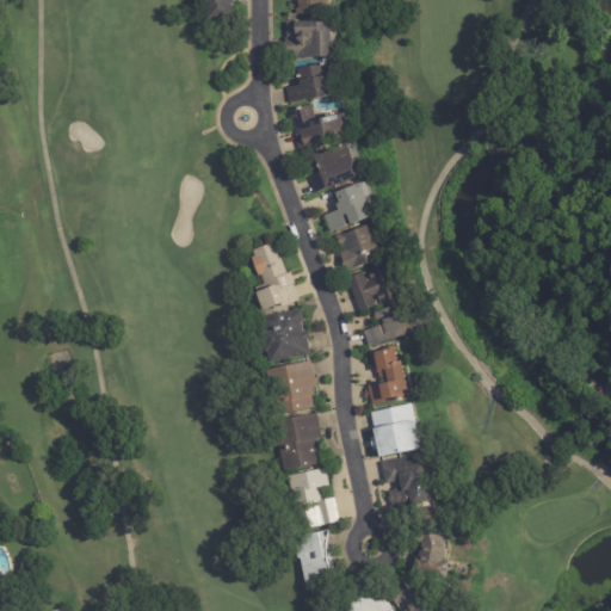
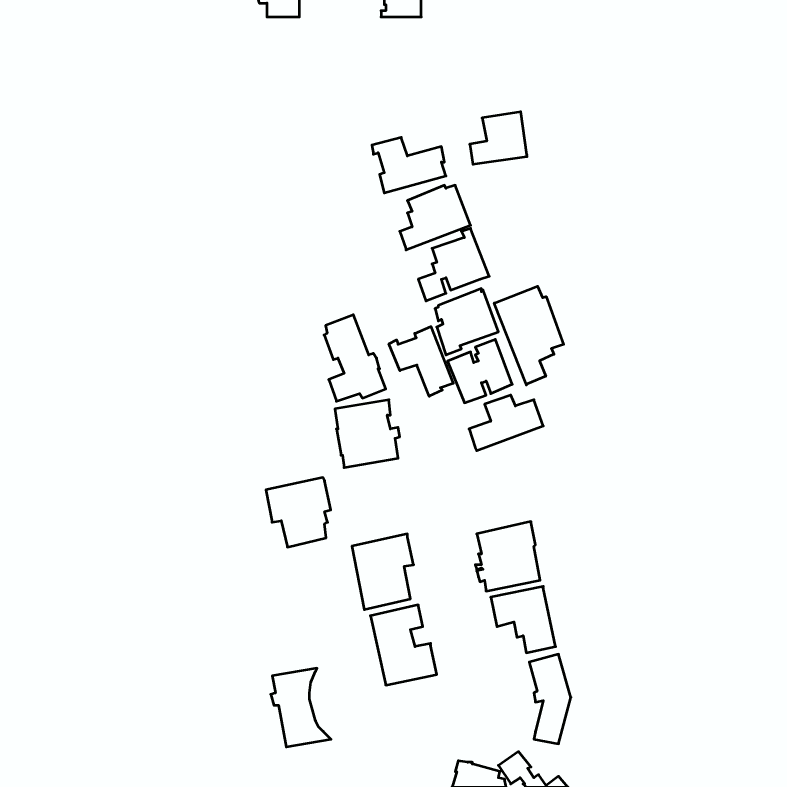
building: [284,20,331,57] -> none
building: [285,62,329,103] -> [470,112,527,164]
building: none -> [494,286,564,385]
building: none -> [389,327,453,396]
building: [366,347,406,406] -> none
building: [265,360,315,414] -> [266,478,331,547]
building: [296,530,342,591] -> [271,668,331,747]

